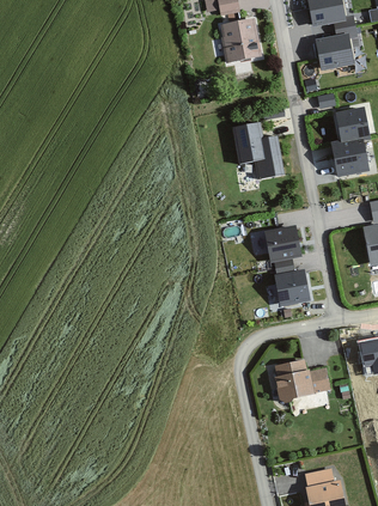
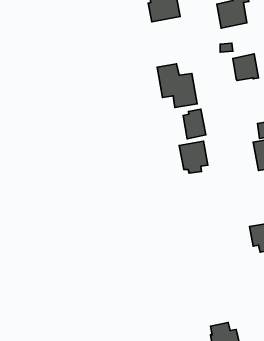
building: [330,139,368,176] -> none
building: none -> [183,109,206,139]
building: [272,264,310,306] -> none
building: [276,359,330,401] -> none

